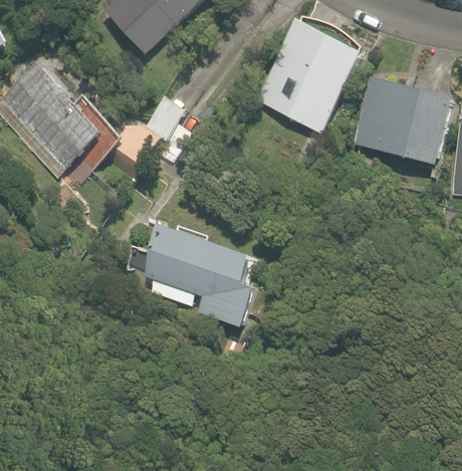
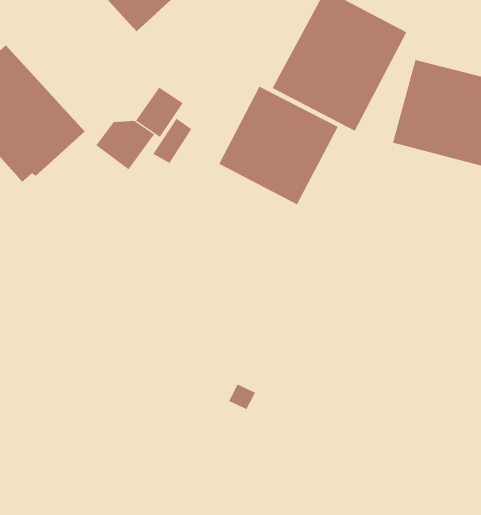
building: none -> [218,86,339,205]
building: [145,224,254,326] -> none

